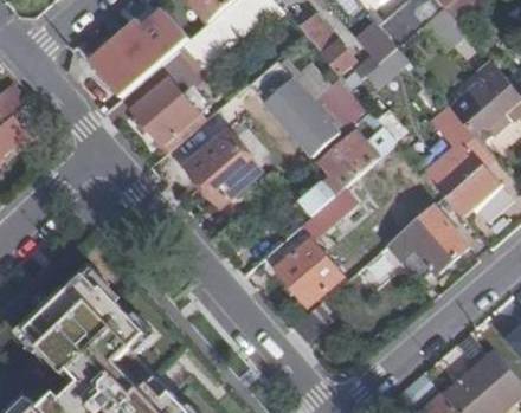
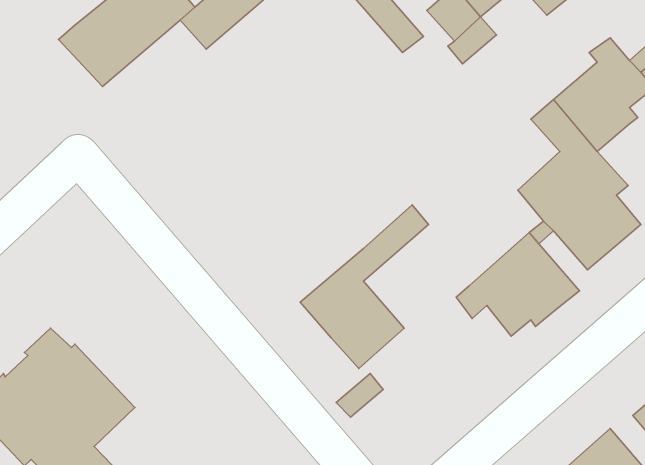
building: [247,60,360,157] -> none
building: [133,80,204,153] -> none
building: [298,124,394,215] -> none
building: [186,133,258,206] -> none

